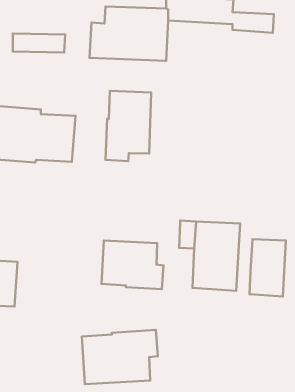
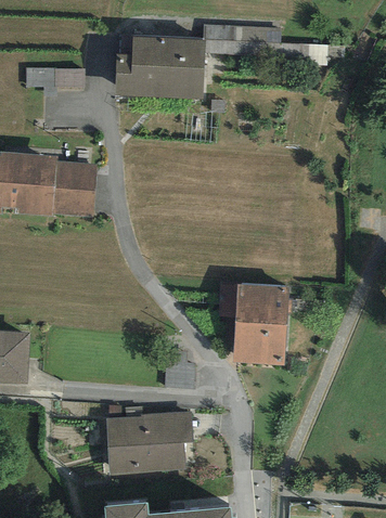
building: [106,91,151,161] -> none
building: [249,239,286,296] -> none
building: [101,240,163,289] -> none

